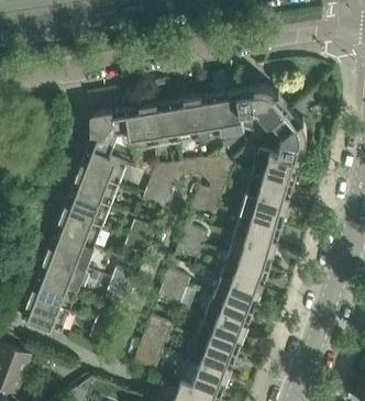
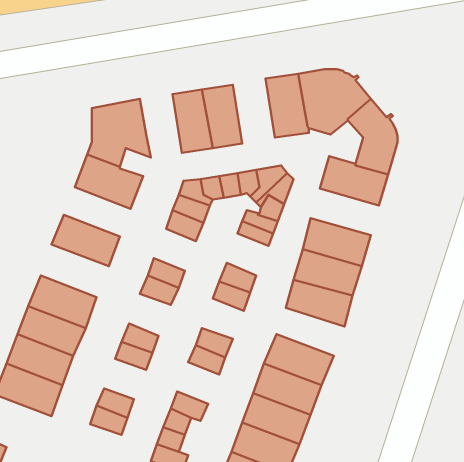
building: [189,94,219,141] -> none
building: [123,105,153,152] -> none
building: [69,171,117,207] -> none
building: [244,172,292,205] -> none
building: [53,212,101,249] -> none
building: [220,257,268,291] -> none

